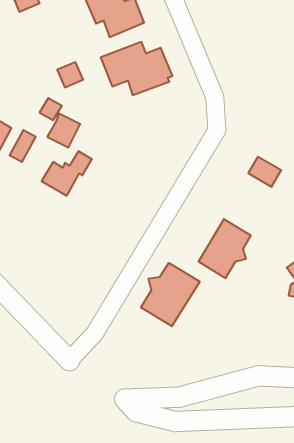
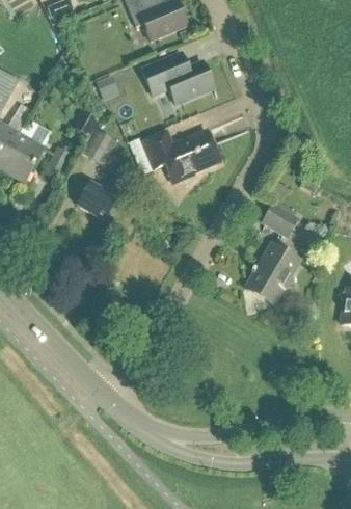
building: none -> [140,136,219,189]
building: [248,157,281,187] -> [263,204,298,236]
building: [141,263,200,326] -> none

